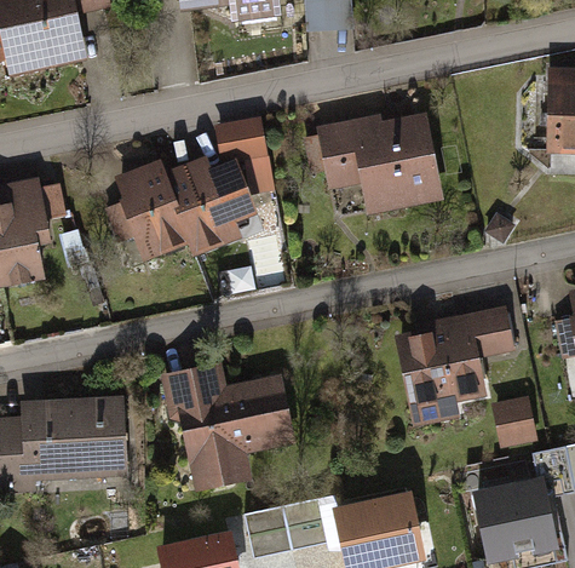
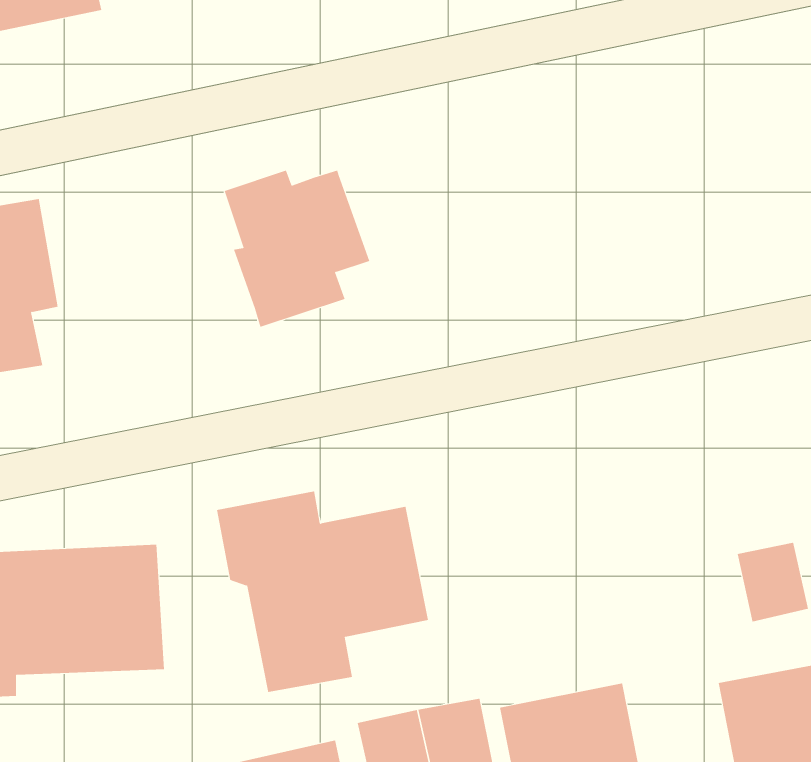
building: [303,114,442,214] -> none
building: [214,117,268,163] -> none
building: [111,160,184,262] -> none
building: [392,304,517,429] -> none

